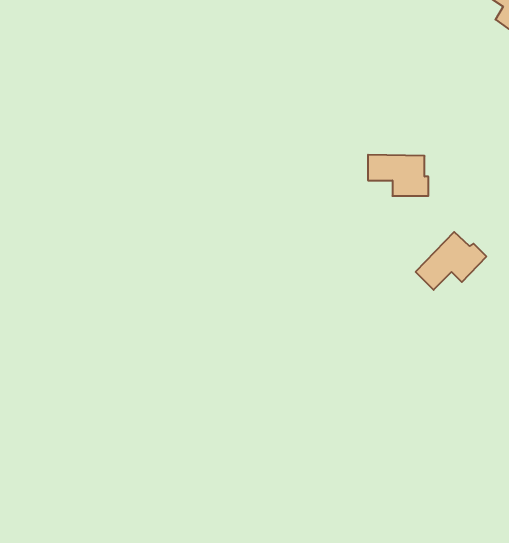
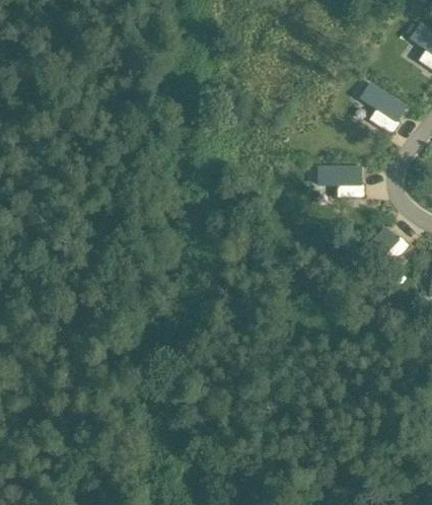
building: none -> [358,80,407,133]

